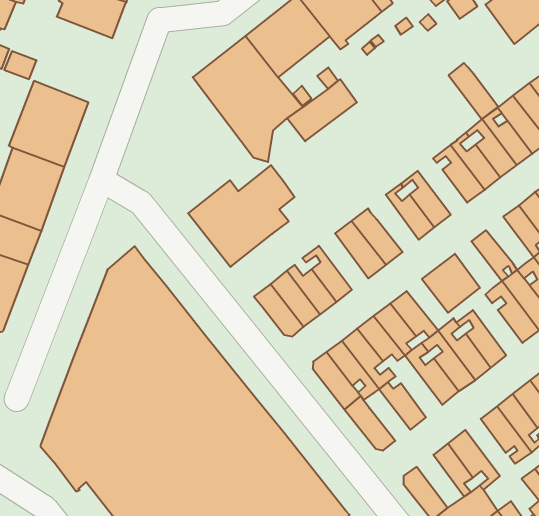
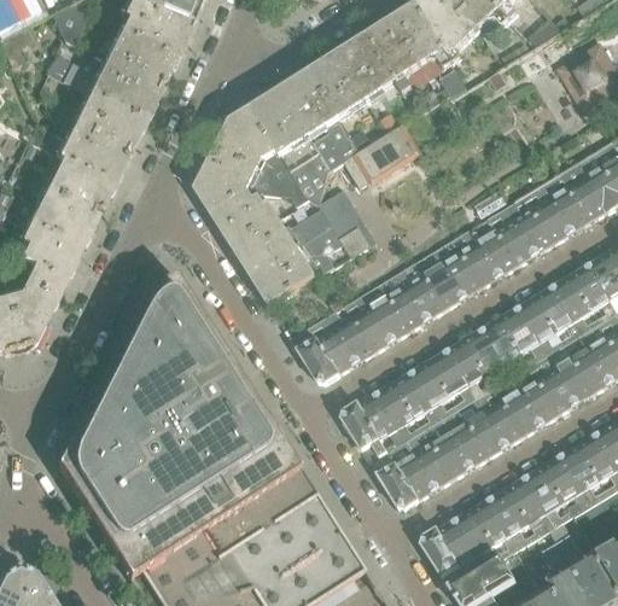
building: none -> [91,33,175,123]
building: [449,63,498,119] -> [471,217,518,276]
building: none -> [197,109,305,246]
building: none -> [320,188,377,256]
building: none -> [416,249,465,309]
building: none -> [534,284,579,333]
building: none -> [362,282,409,342]
building: none -> [500,305,544,355]
building: none -> [447,338,491,392]
building: none -> [512,361,559,425]
building: none -> [420,414,471,479]
building: none -> [396,445,436,500]
building: none -> [491,486,538,547]
building: none -> [438,518,483,573]

